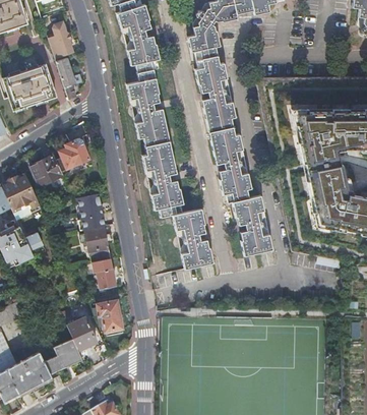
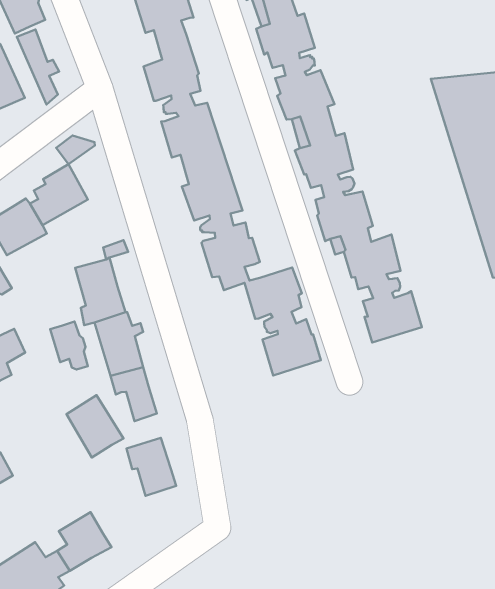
building: none -> [50,322,88,369]
building: [66,316,98,352] -> [66,395,124,457]

